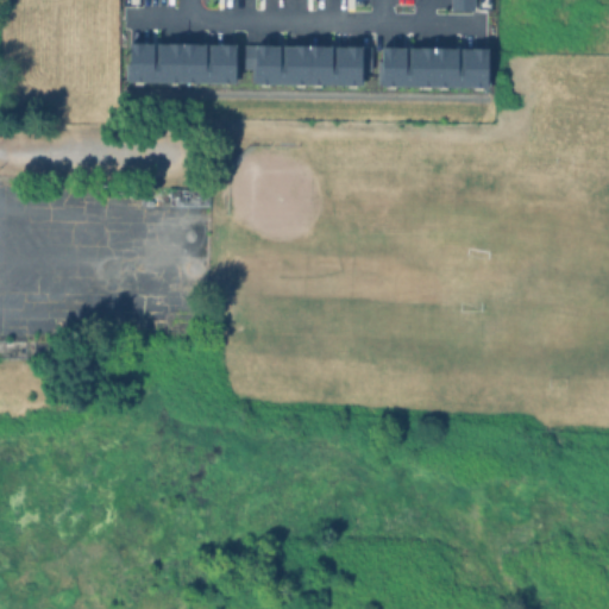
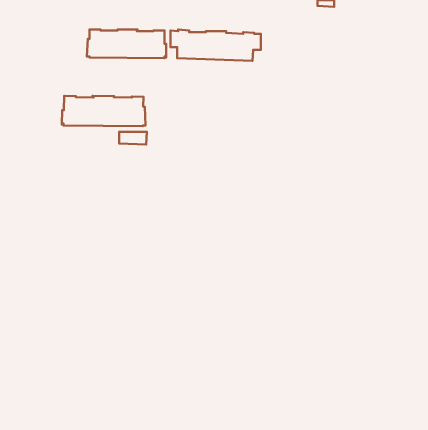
building: [379,48,490,88] -> none
building: none -> [62,96,145,126]

